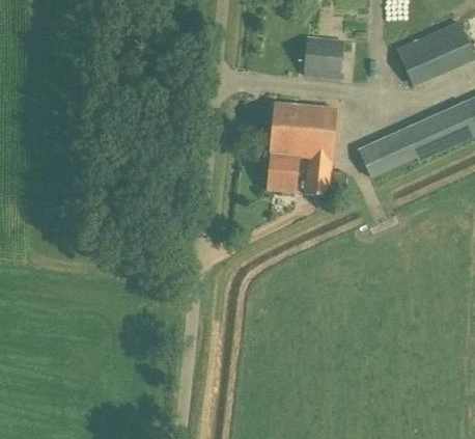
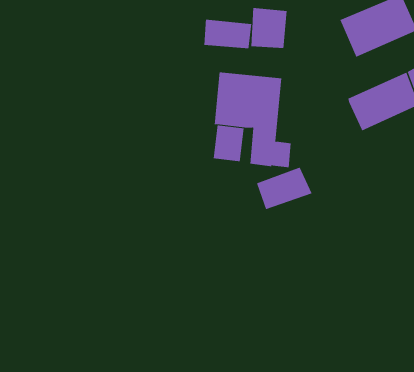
building: none -> [204,19,252,49]
building: [361,132,418,175] -> [256,167,312,210]

